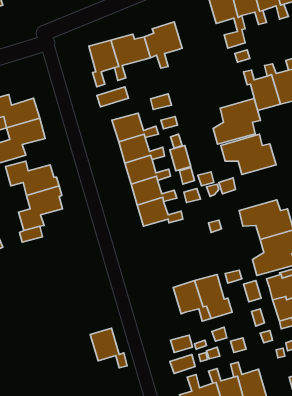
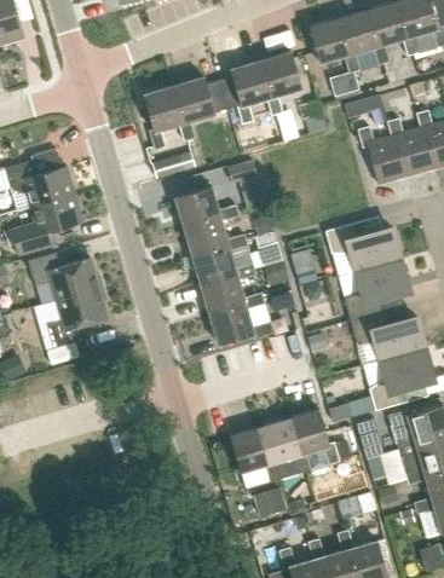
building: none -> [260,52,301,116]
building: [213,99,260,144] -> [344,258,409,320]
building: [90,328,127,368] -> [230,427,281,481]

